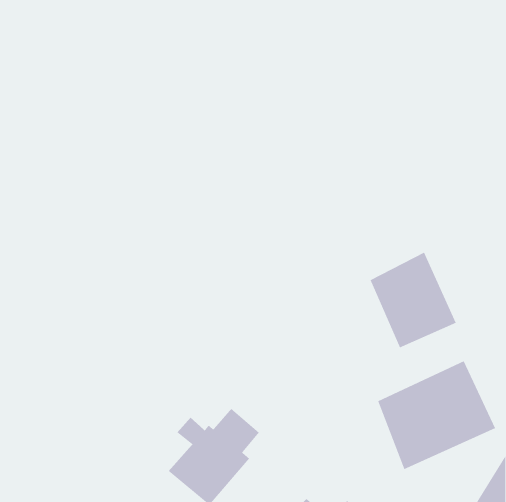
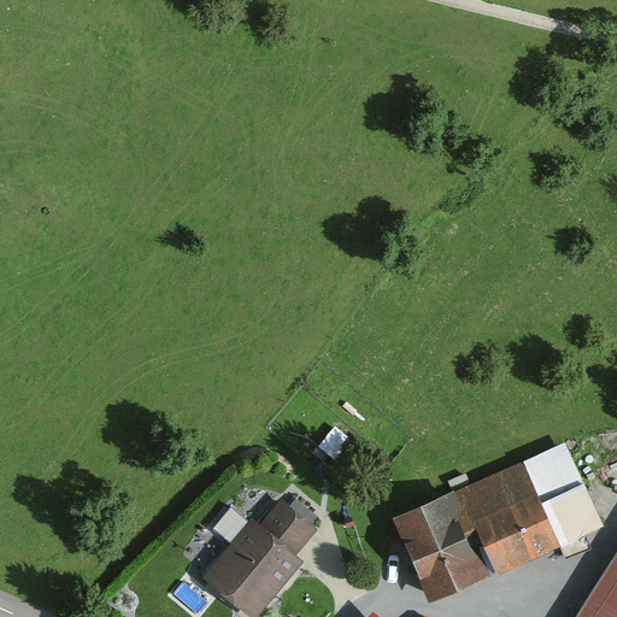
building: [370,251,457,348] -> none
building: none -> [392,489,490,603]

